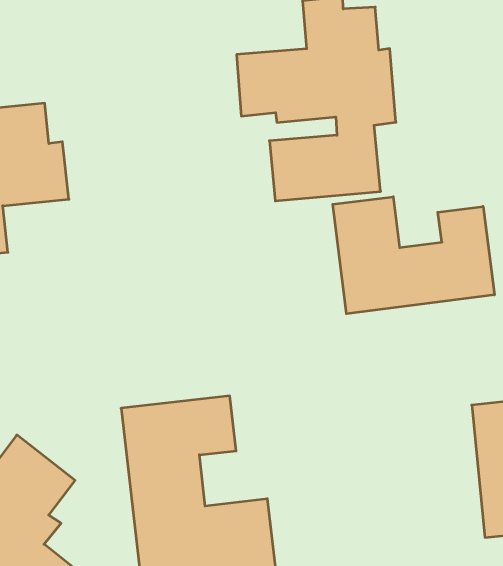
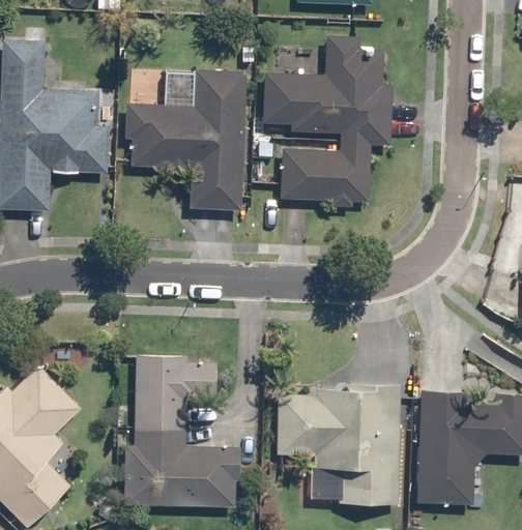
building: none -> [125,69,247,211]
building: [333,197,494,314] -> none
building: none -> [277,385,403,506]

